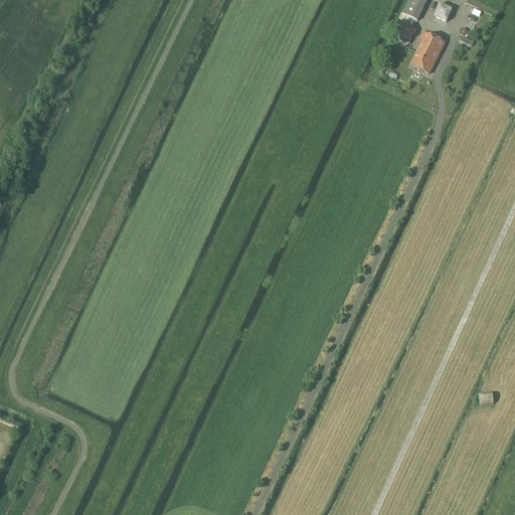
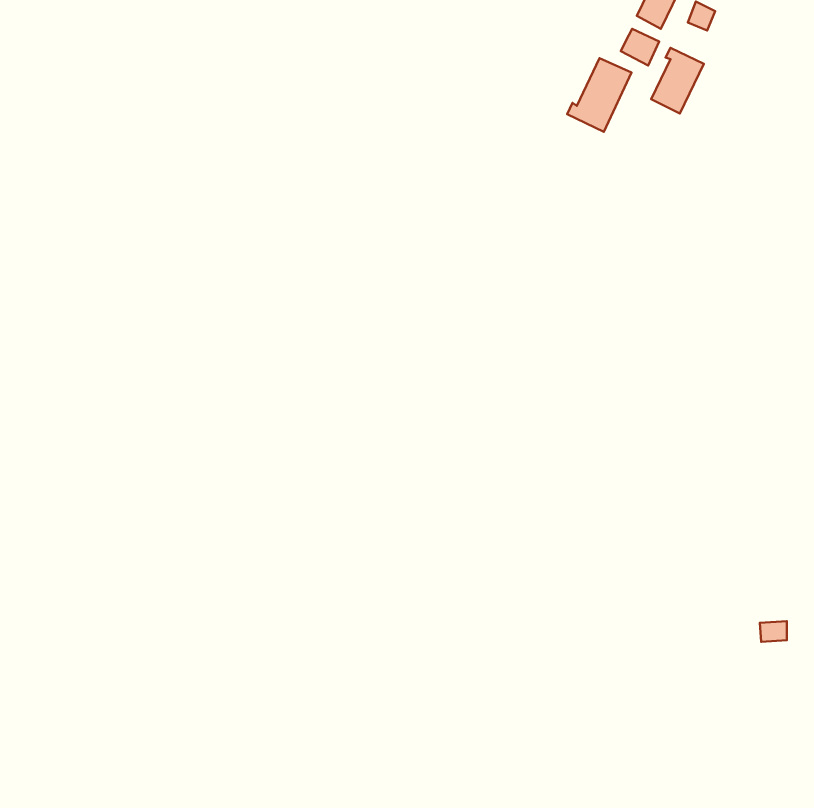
building: none -> [567,58,632,132]

